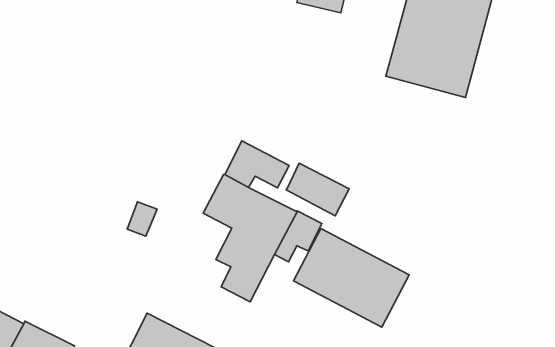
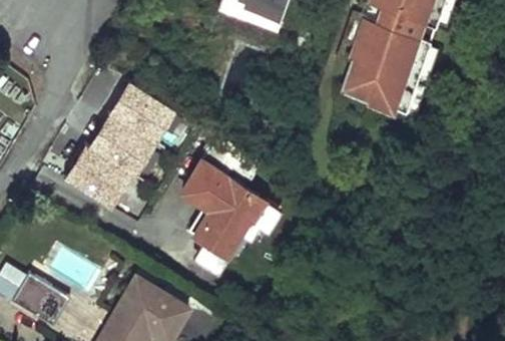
building: none -> [63,81,175,206]
building: [286,163,349,216] -> none
building: [294,229,409,327] -> none

